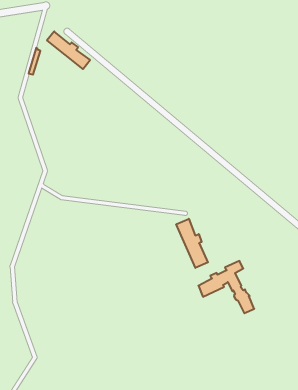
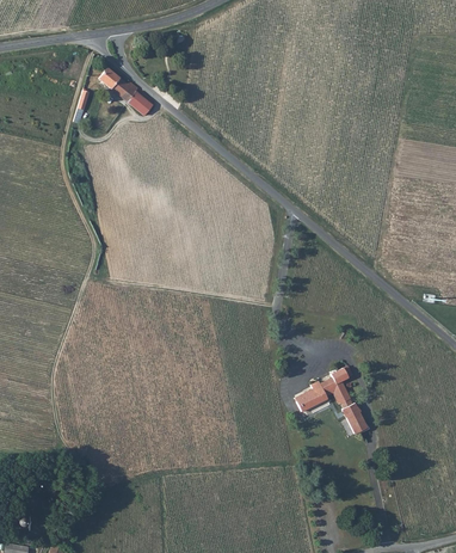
building: [176,219,208,268] -> none

